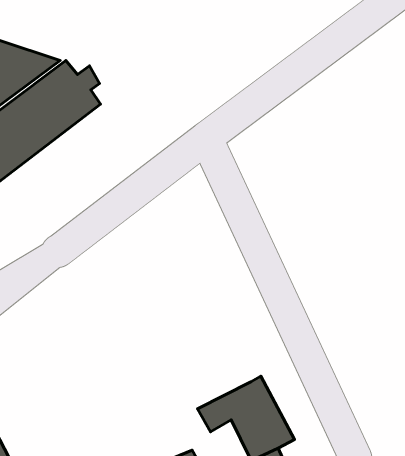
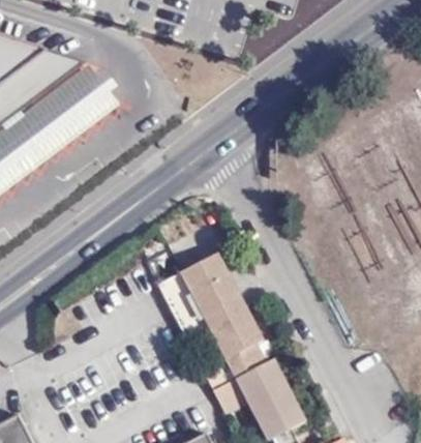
building: none -> [156,255,263,391]

